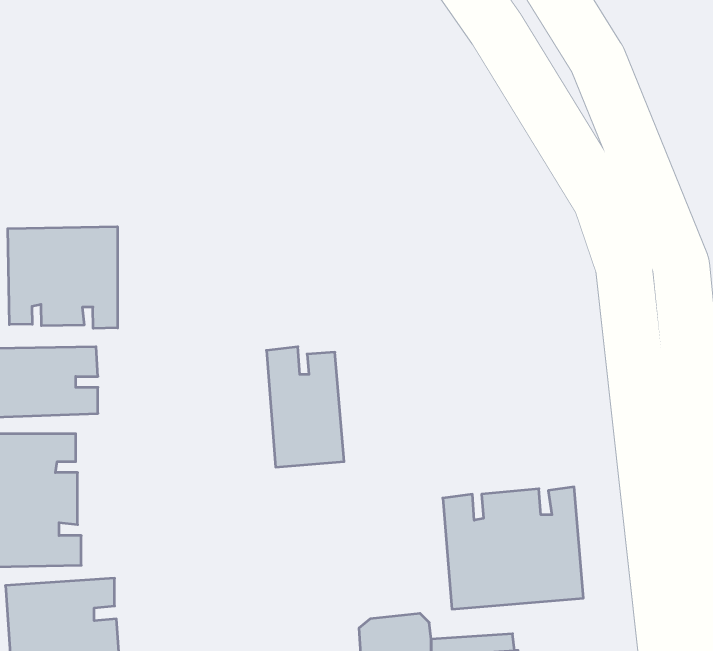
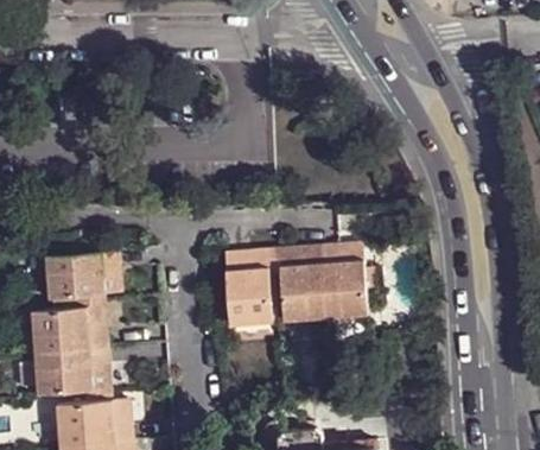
building: [8,227,118,328] -> none
building: [443,487,583,609] -> [277,247,367,325]

